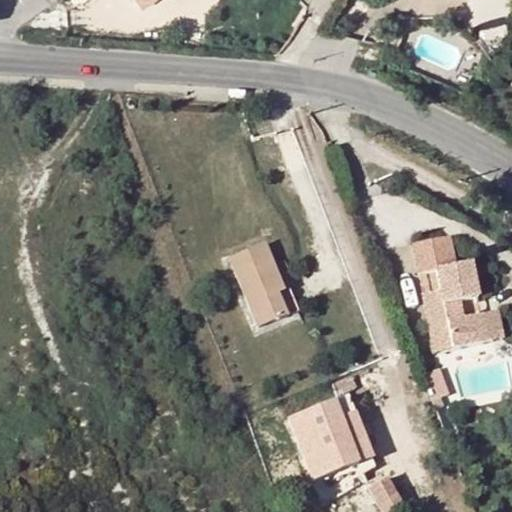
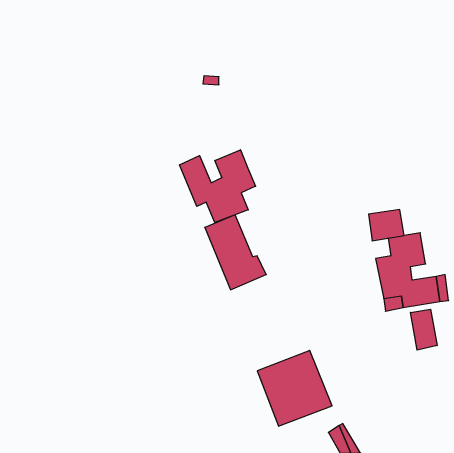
building: none -> [180,150,256,222]
building: none -> [411,309,437,350]

